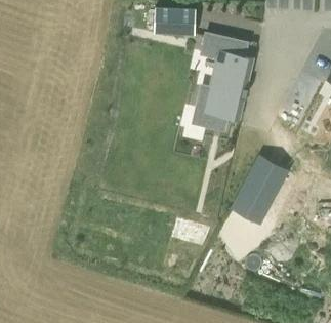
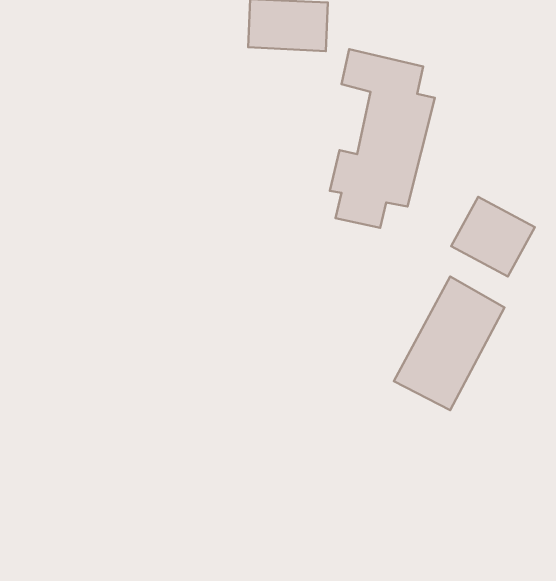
building: none -> [451,197,535,277]

